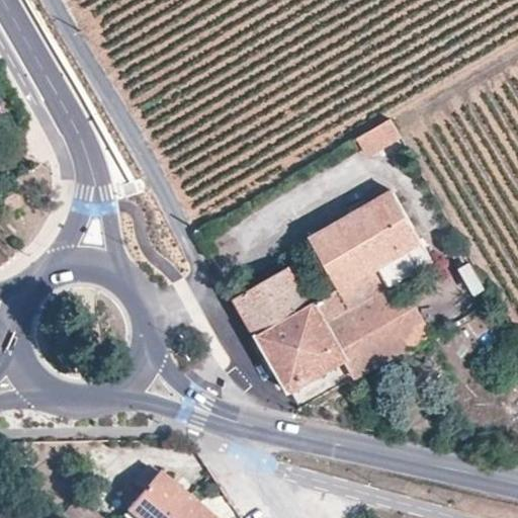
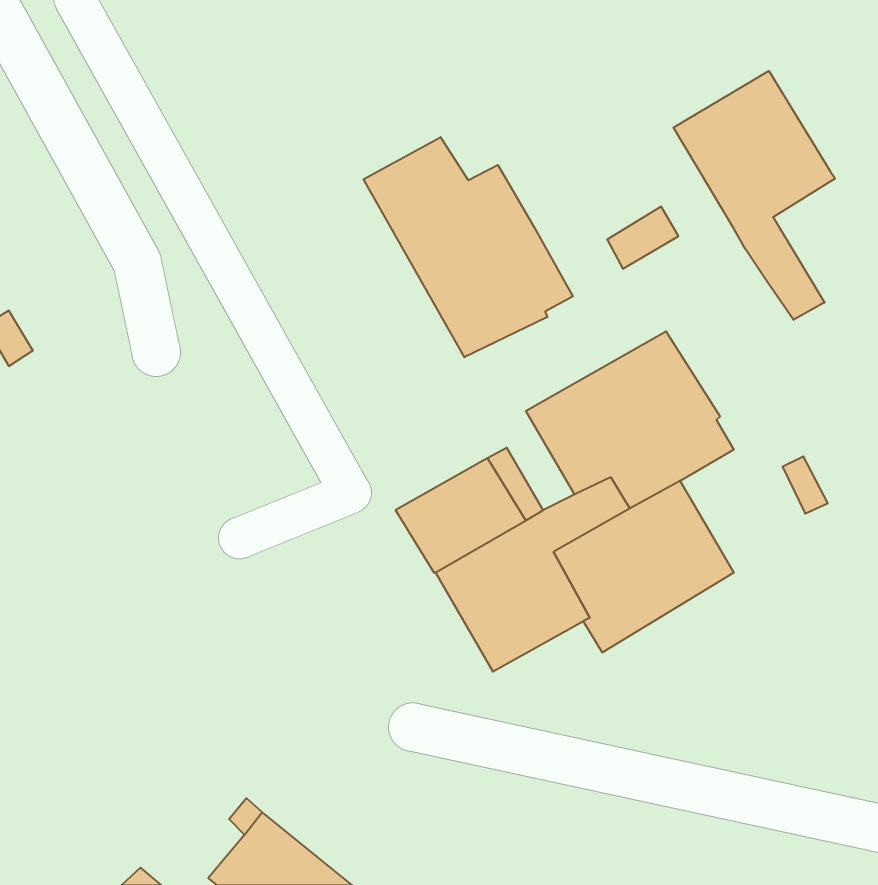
building: none -> [673,71,835,320]
building: none -> [364,137,573,357]

